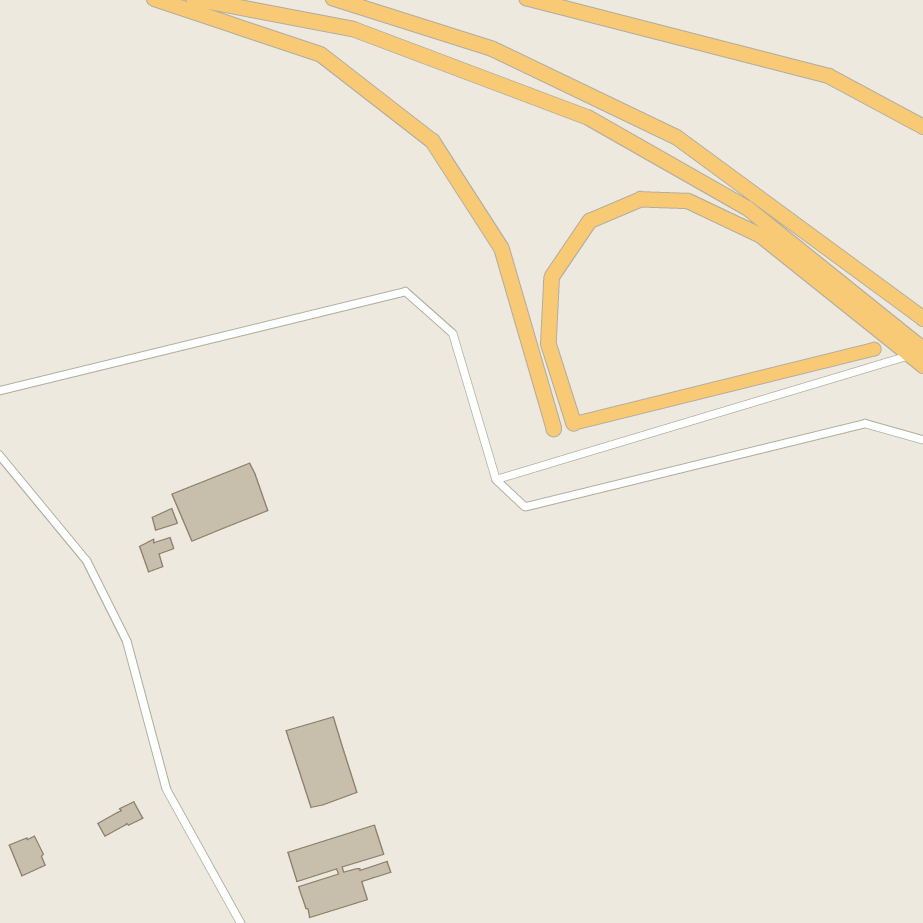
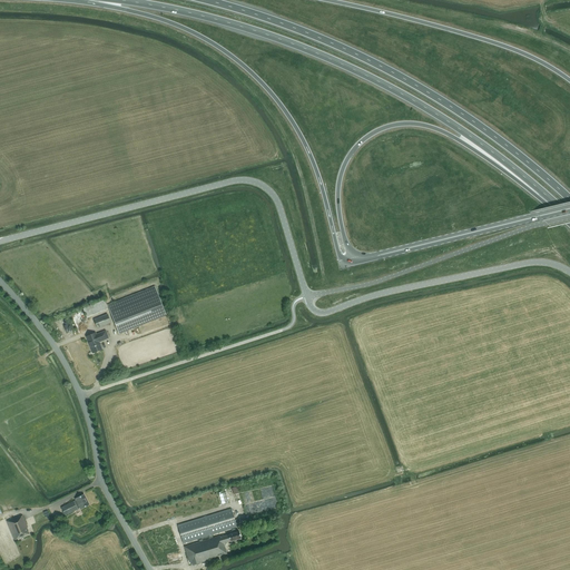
building: [286,717,357,808] -> none

